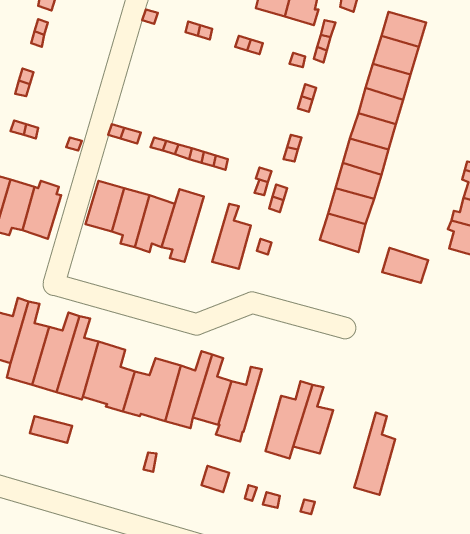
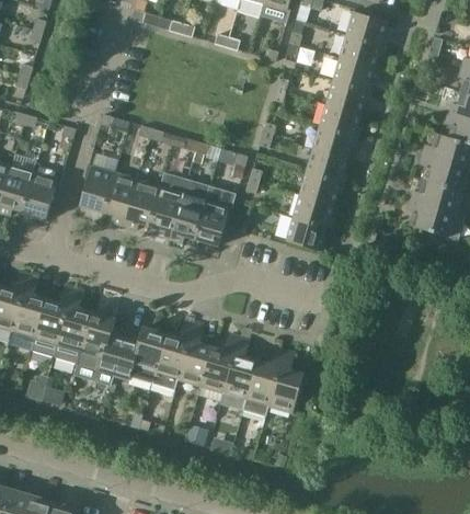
building: none -> [169,179,209,242]
building: [382,248,428,283] -> [285,218,326,250]
building: [354,413,395,495] -> [219,335,256,410]

